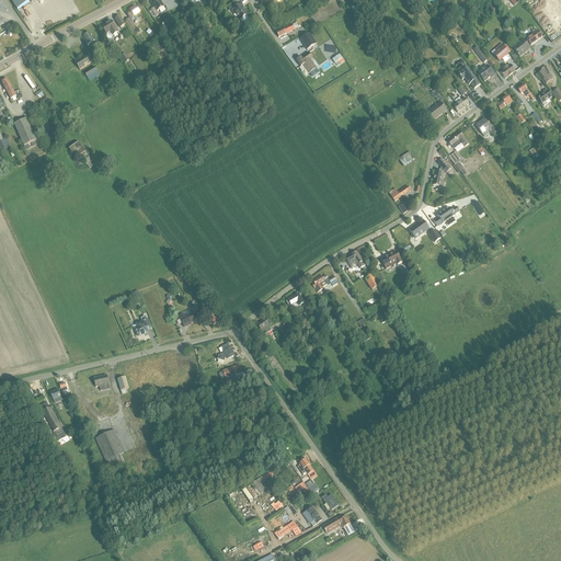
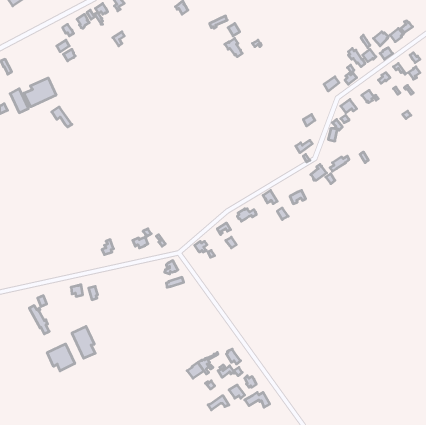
building: none -> [24,78,56,107]
building: none -> [47,344,75,371]

